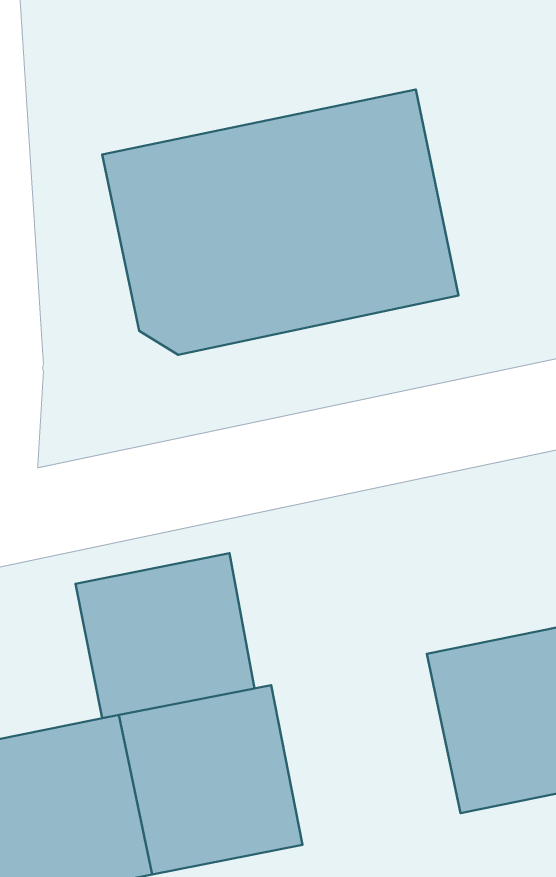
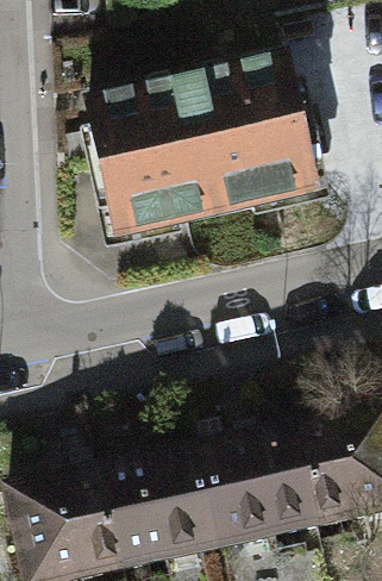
building: [75,553,255,718] -> none
building: none -> [195,426,317,549]

